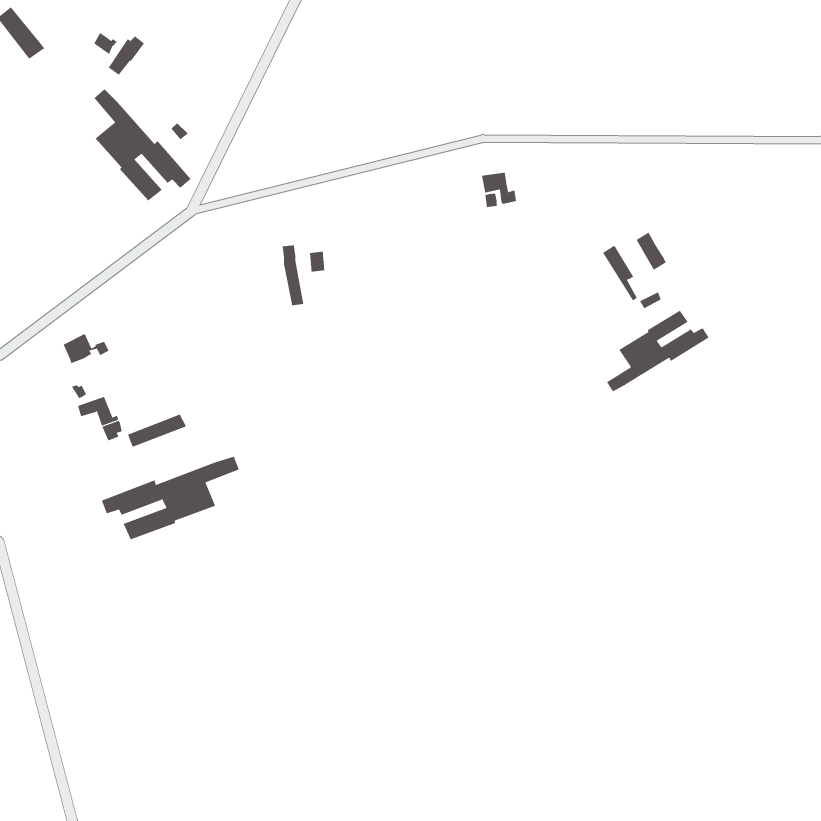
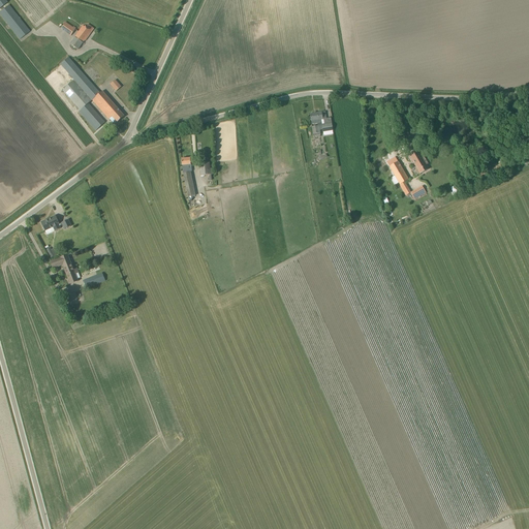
building: [606,310,709,392] -> none
building: [101,456,240,540] -> none

